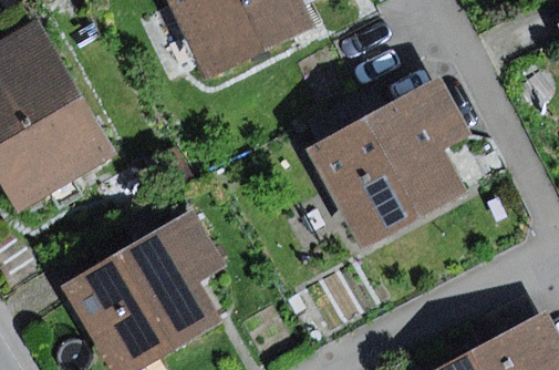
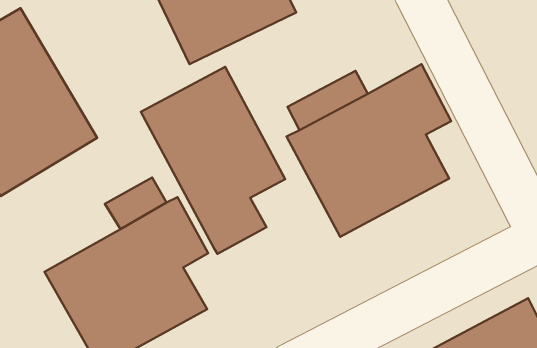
building: none -> [141,67,285,254]

